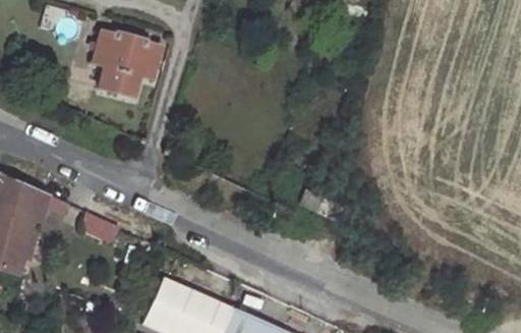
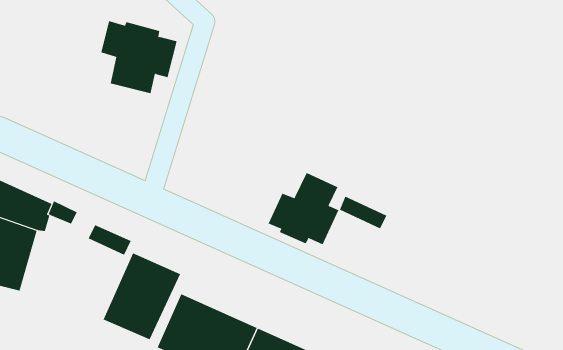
building: none -> [268,172,339,245]
building: none -> [103,252,181,340]

